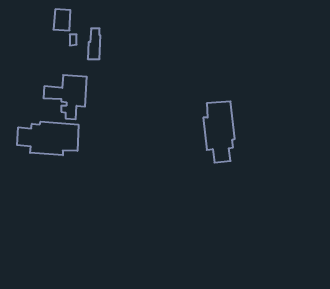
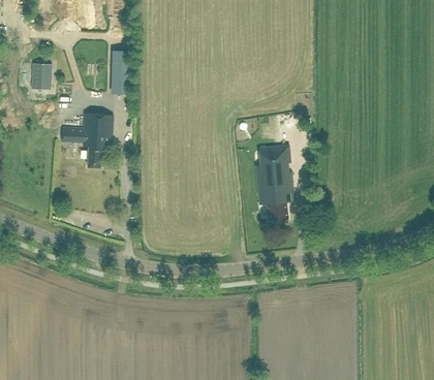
building: [53,9,70,30] -> [30,62,51,88]
building: [17,122,78,155] -> none

